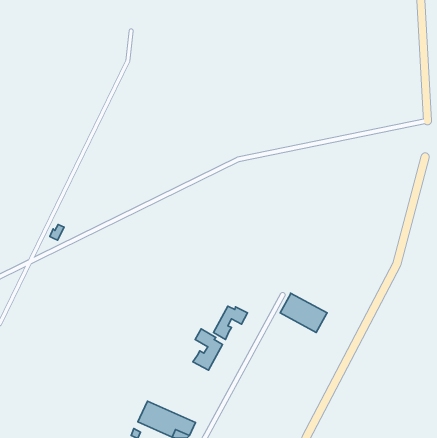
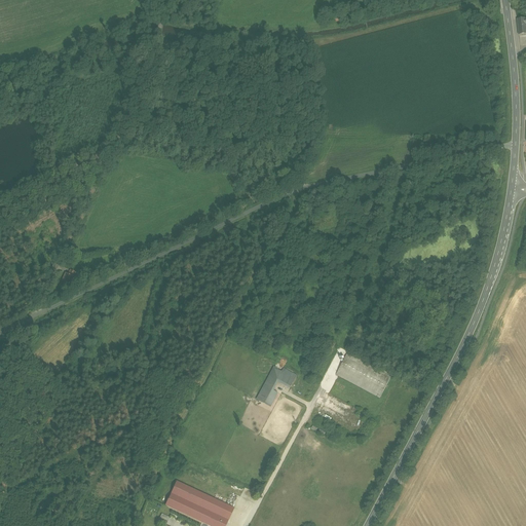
building: [193,329,223,370] -> none

